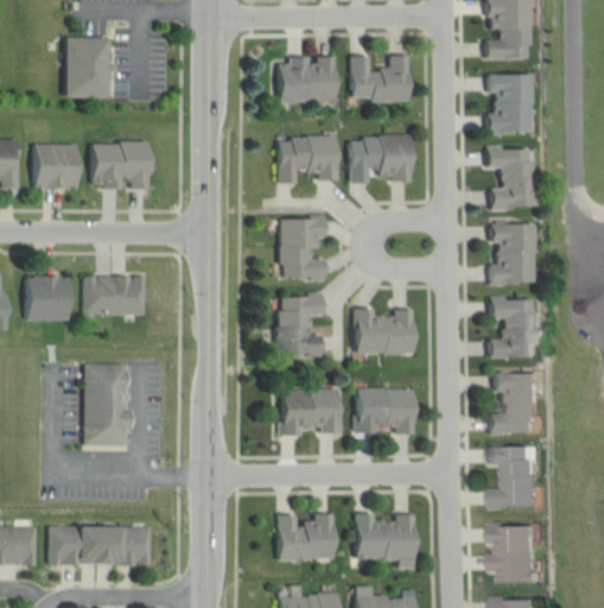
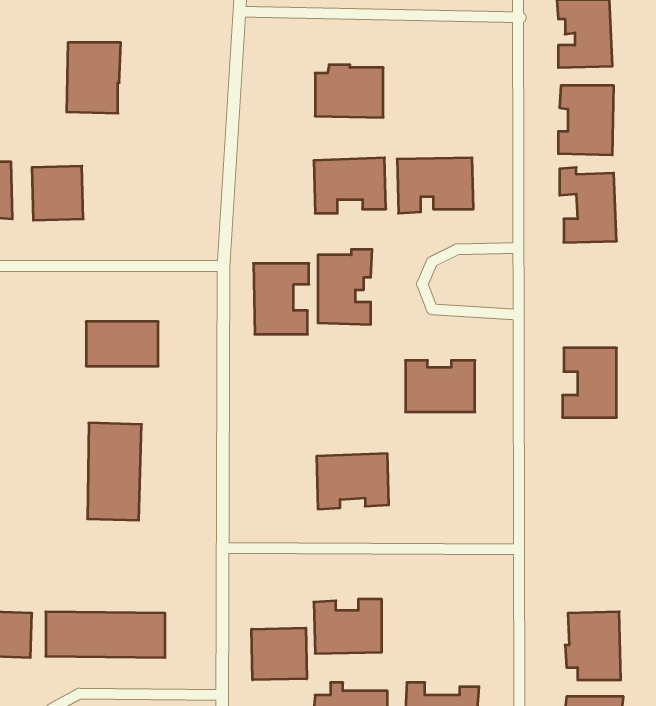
building: [350,56,409,101] -> none
building: [90,142,151,190] -> none
building: [488,224,535,284] -> none
building: [24,277,70,321] -> none
building: [276,296,324,356] -> [253,263,309,334]
building: [489,374,539,435] -> none
building: [354,388,415,435] -> none
building: [490,446,543,509] -> none
building: [355,514,417,569] -> none
building: none -> [252,628,307,680]

